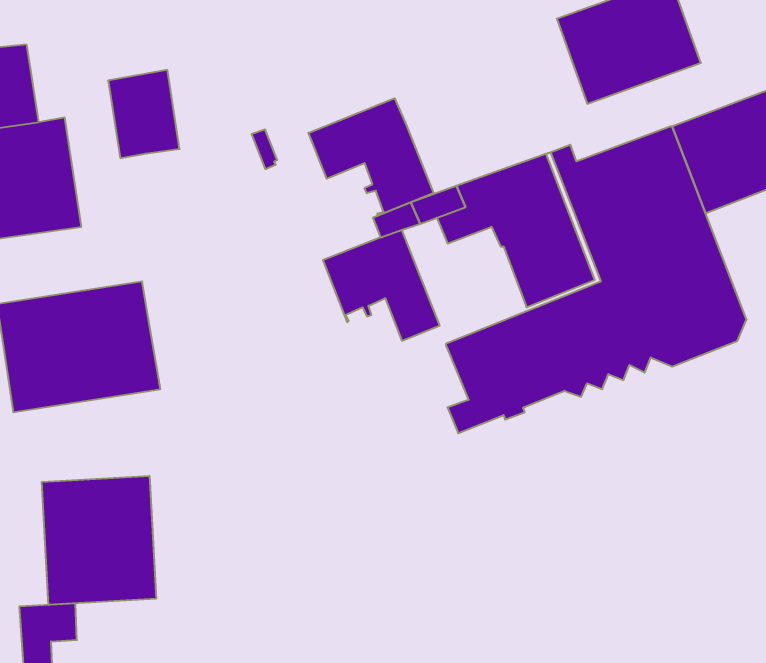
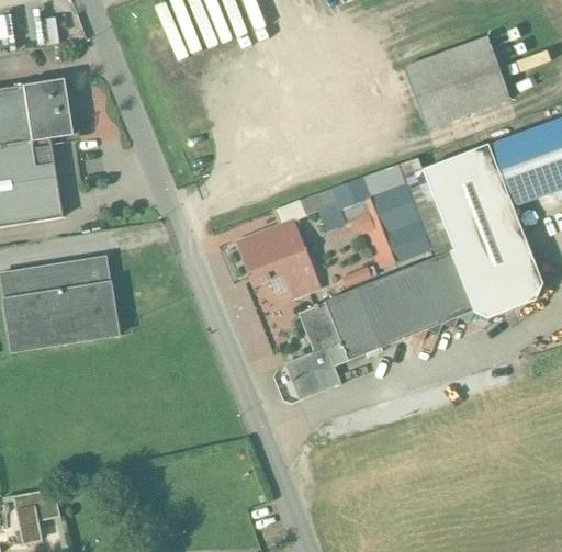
building: [108,70,180,158] -> [22,77,74,140]
building: [308,98,433,216] -> none
building: none -> [284,302,341,397]
building: [42,476,156,605] -> none

